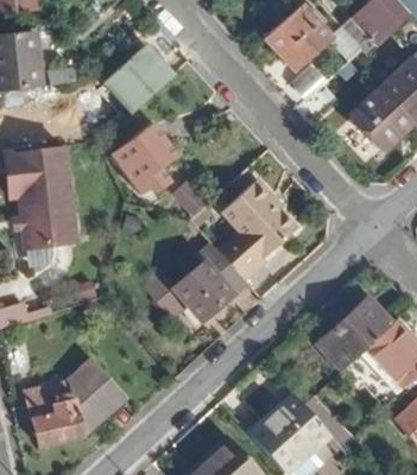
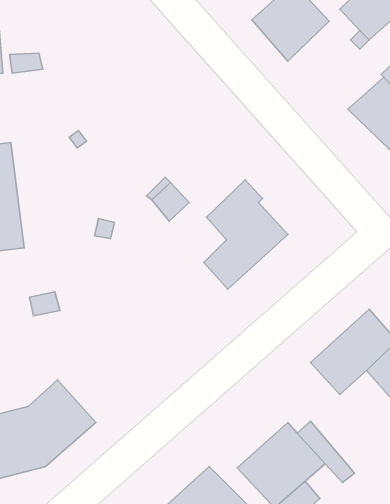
building: [105,46,171,112] -> none
building: [112,122,178,195] -> none
building: [147,245,247,323] -> none

